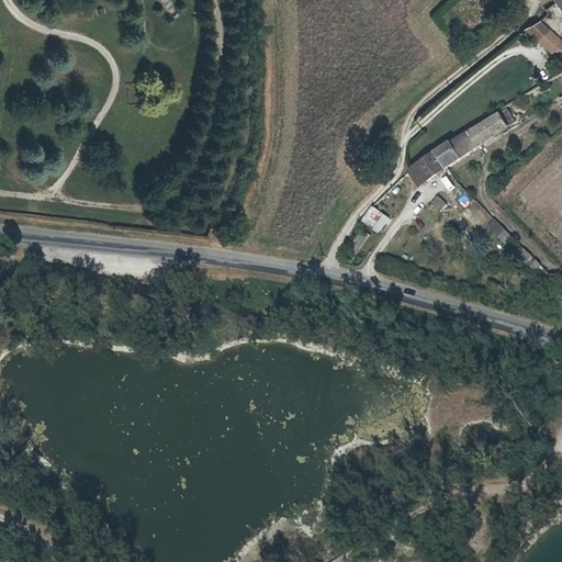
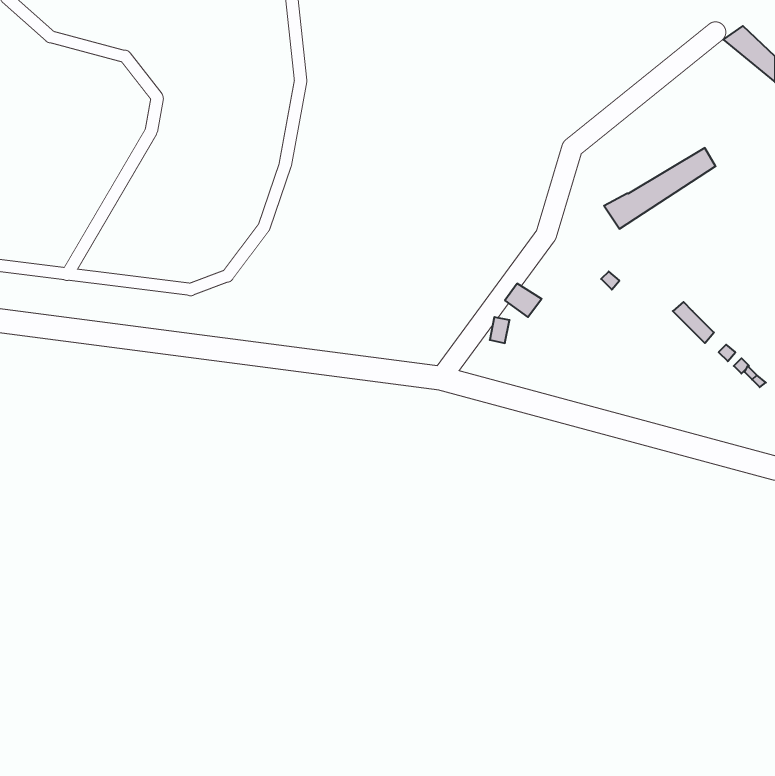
building: [409,148,446,182] -> none

